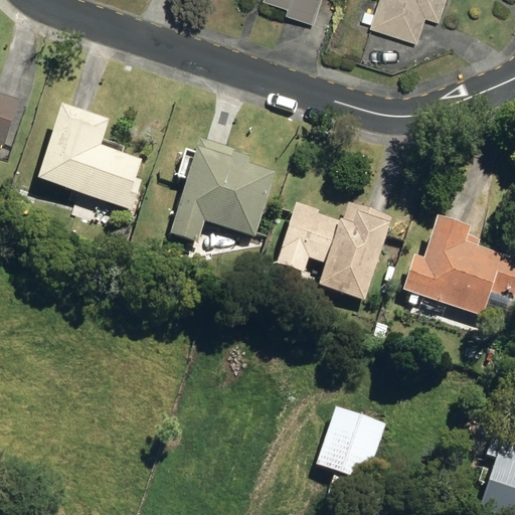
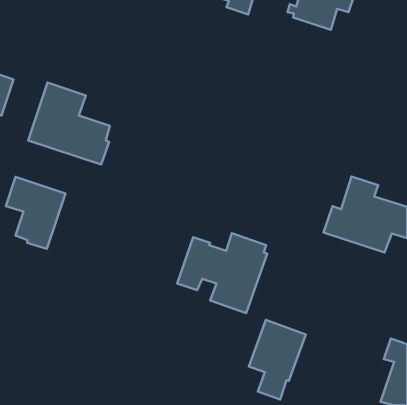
building: [171,138,276,243] -> none
building: [279,201,391,302] -> [177,233,267,313]
building: none -> [6,177,66,249]

